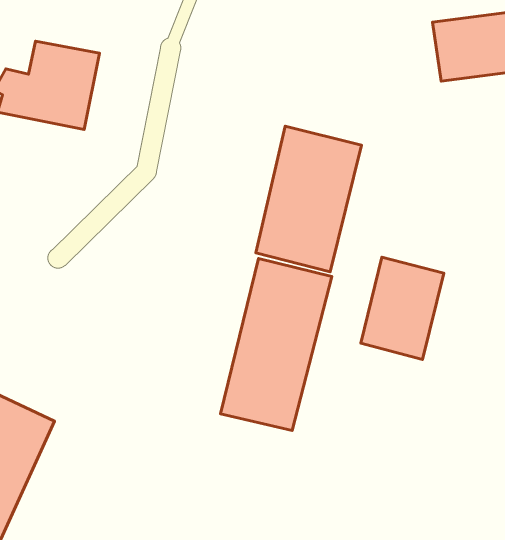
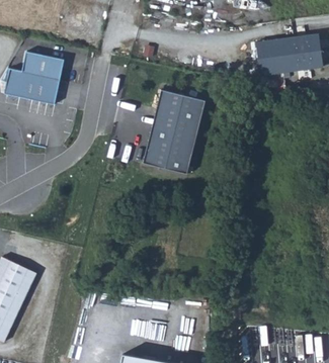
building: [361,257,444,359] -> none
building: [220,259,332,431] -> none

